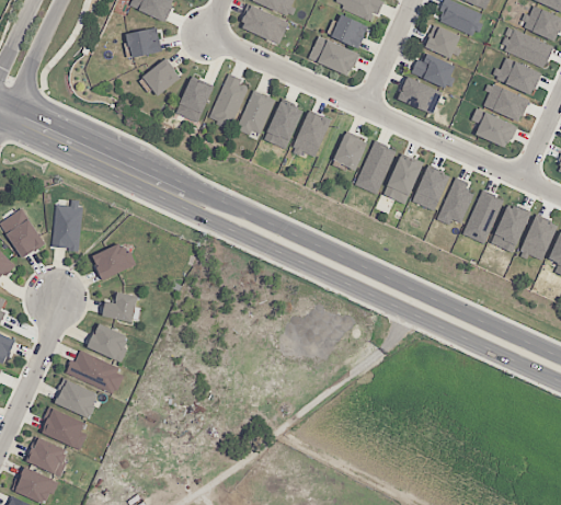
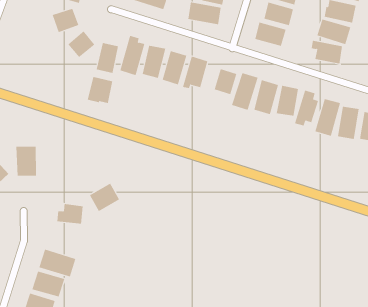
building: none -> [87,76,113,104]
building: [90,242,130,279] -> [89,183,120,212]
building: [87,322,127,357] -> none

